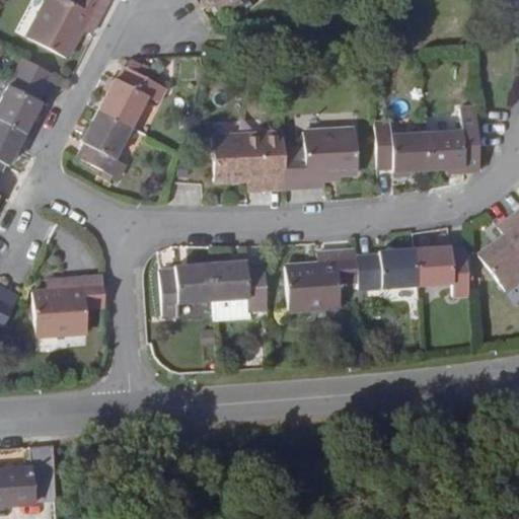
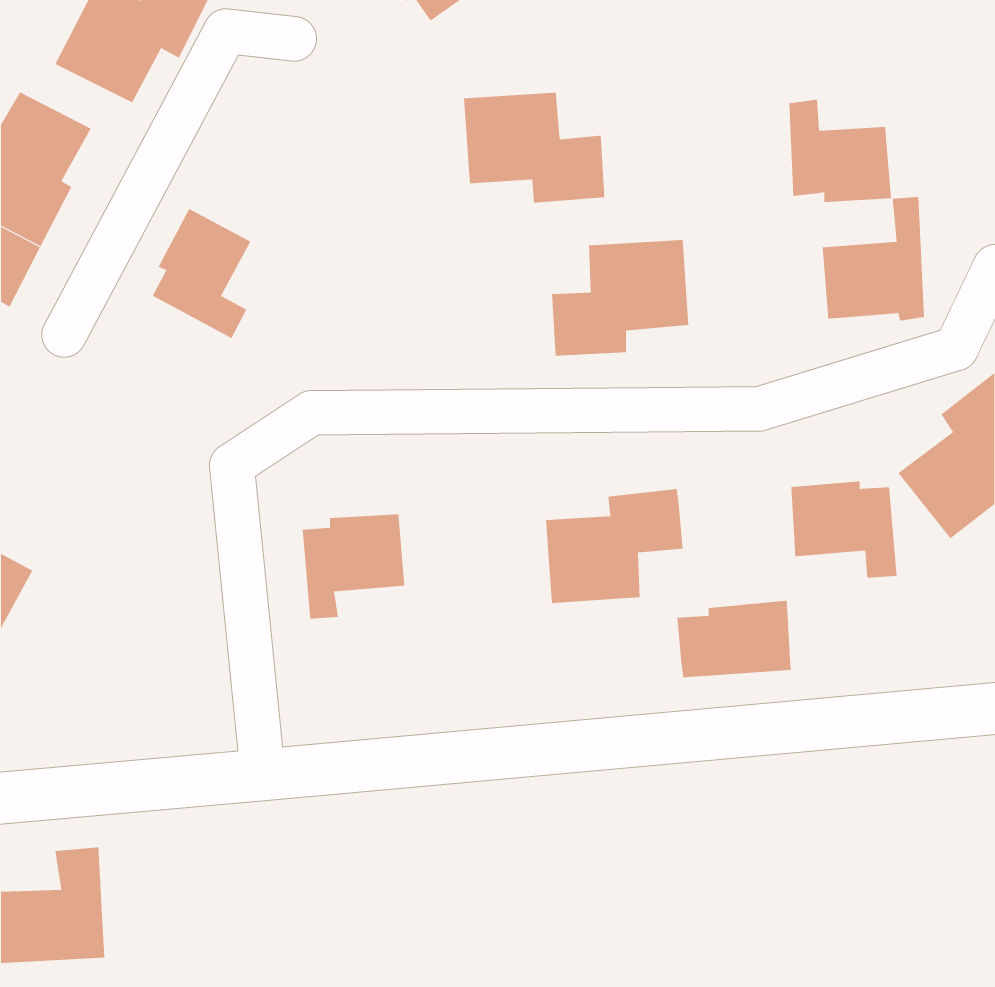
building: [98,66,168,126] -> none
building: [377,115,431,168] -> [789,99,892,202]
building: [215,131,289,189] -> [463,92,605,203]
building: [354,253,414,294] -> [677,600,792,678]
building: [208,264,266,316] -> none
building: [34,281,107,339] -> none

